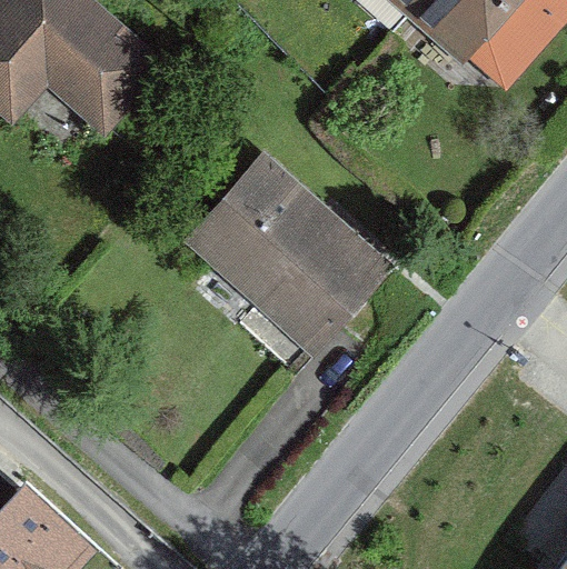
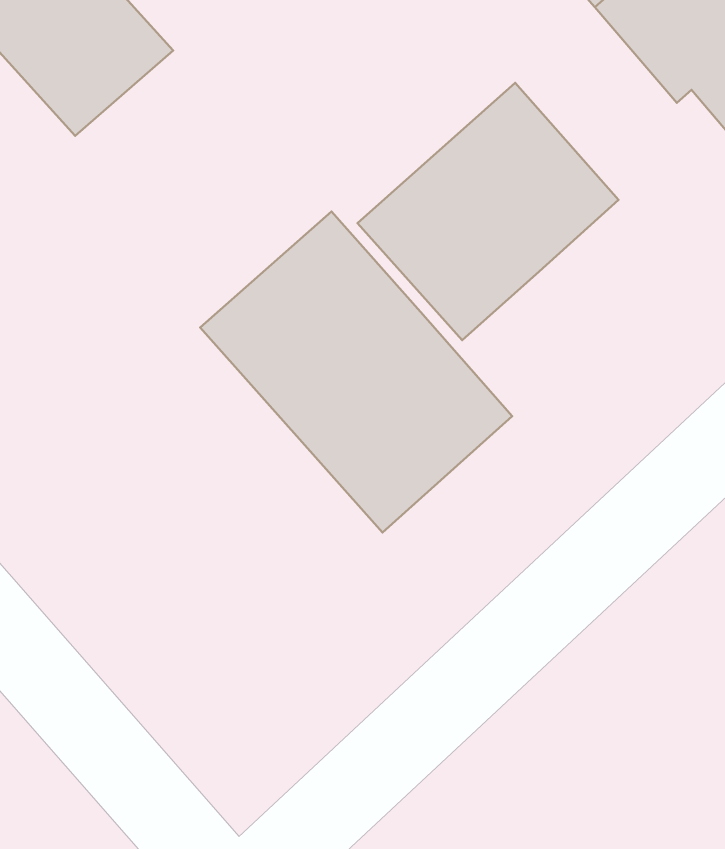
building: none -> [357,83,619,340]

